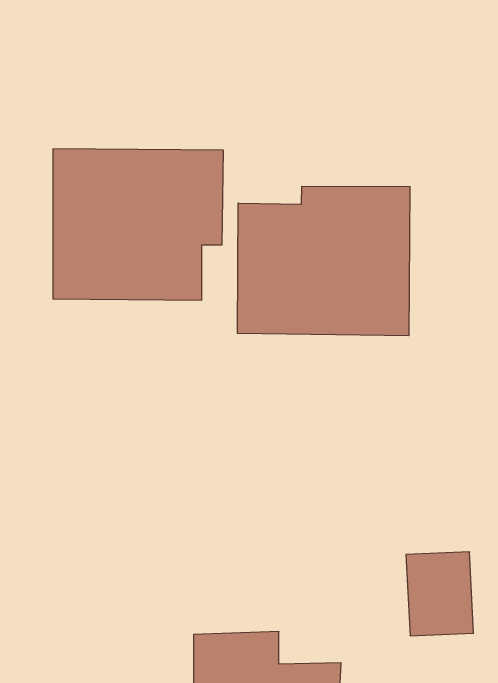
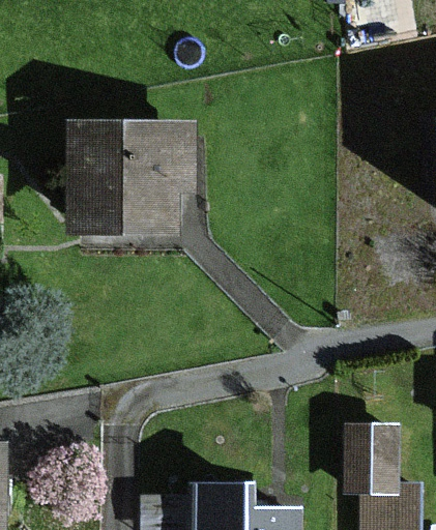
building: [237,186,410,336] -> none

